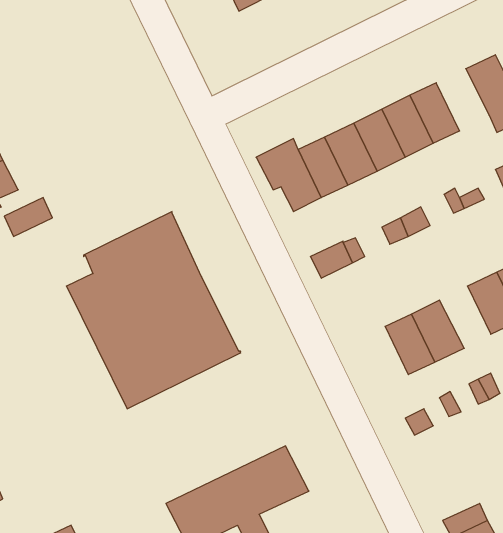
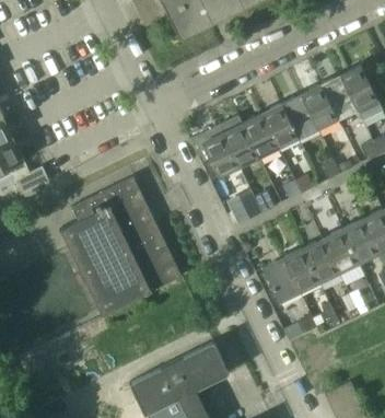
building: none -> [319,78,357,121]
building: none -> [322,231,358,275]
building: none -> [262,259,300,303]

